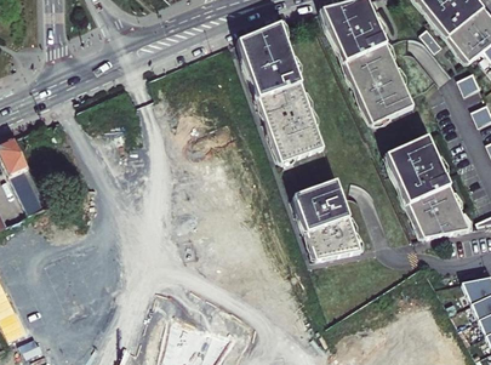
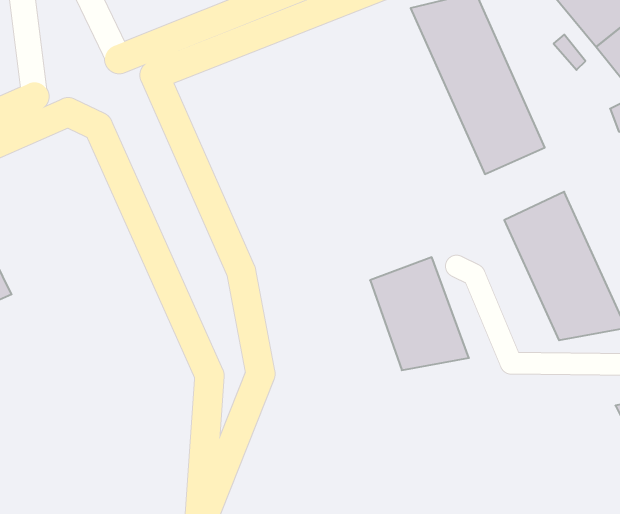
building: [238,23,324,161] -> none

